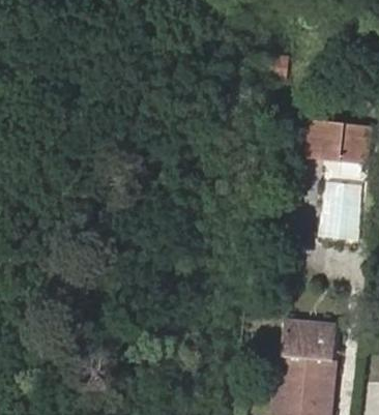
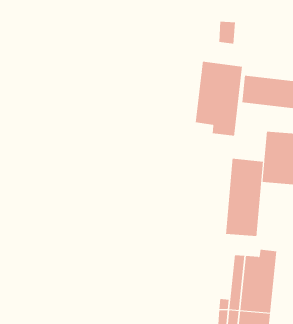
building: none -> [195,61,243,136]
building: none -> [225,158,263,237]

